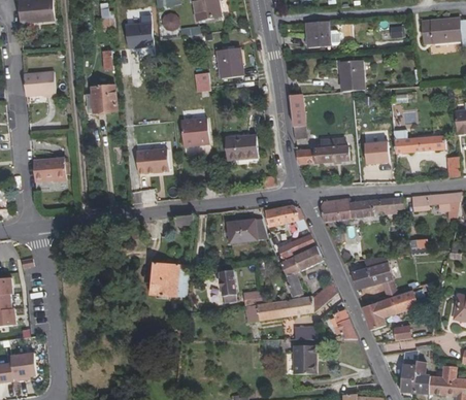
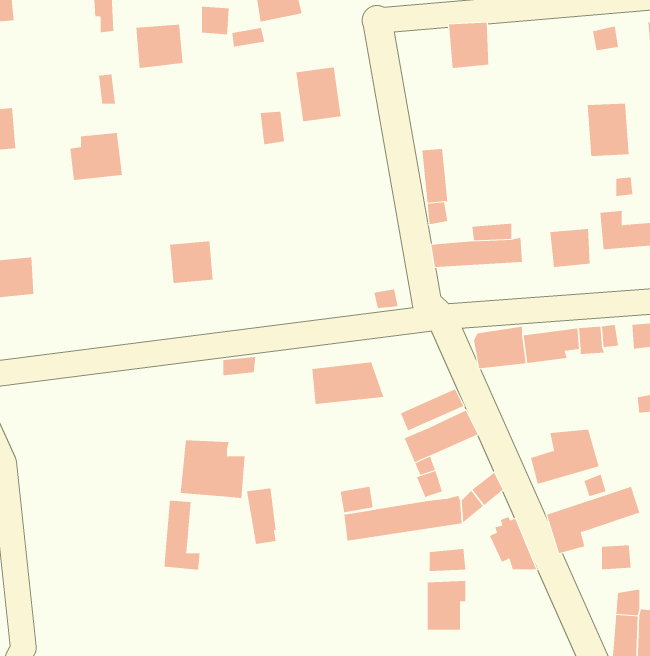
building: [339,60,364,91] -> [587,103,630,156]
building: [180,116,209,145] -> none
building: [225,134,258,160] -> none
building: [264,204,303,227] -> none
building: [218,269,235,302] -> [246,488,276,545]
building: none -> [164,500,200,570]

